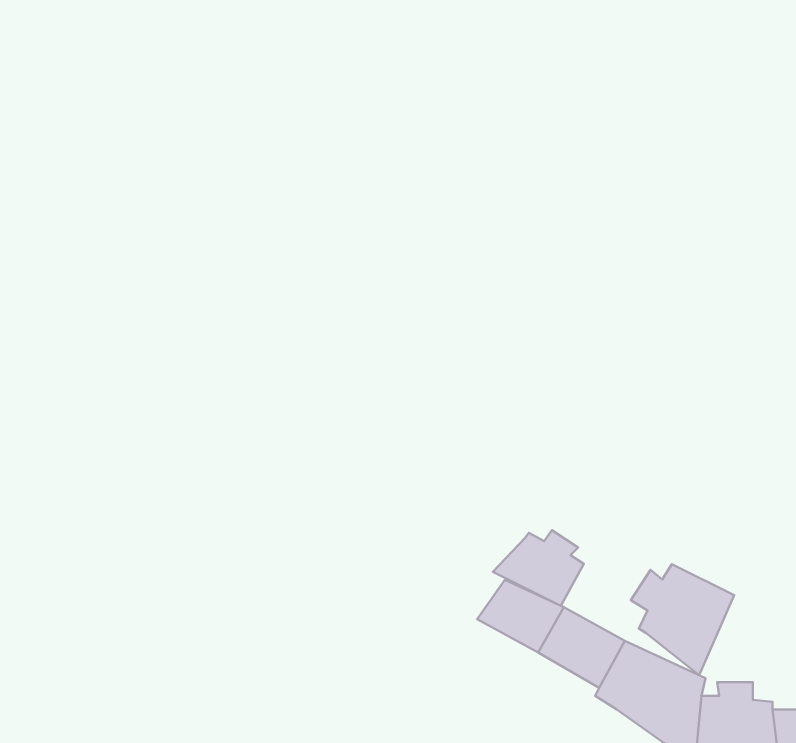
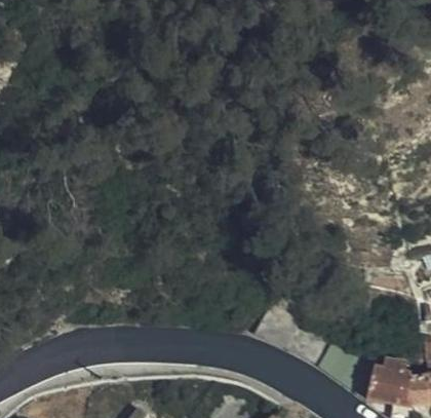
building: [493,530,584,606] -> none
building: [631,564,734,675] -> none

